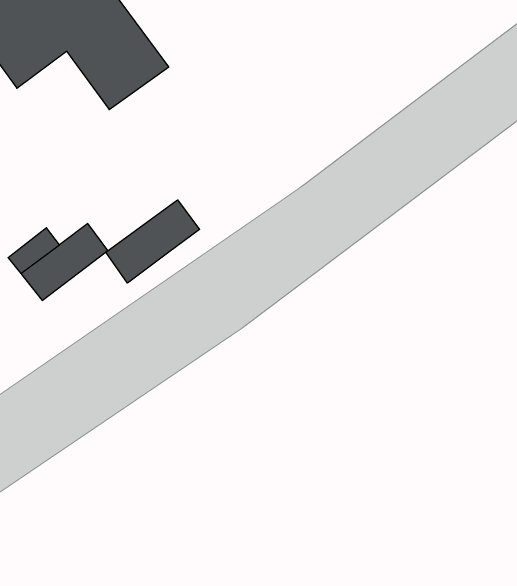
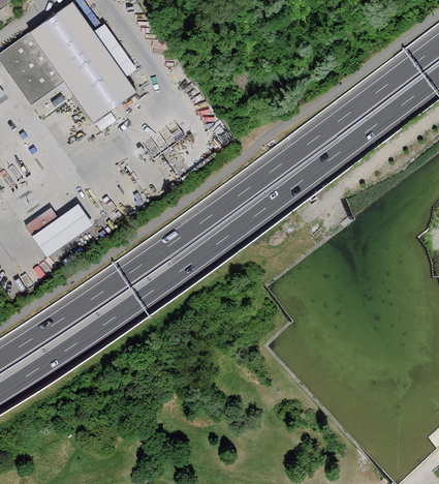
building: [106,200,200,283] -> none

